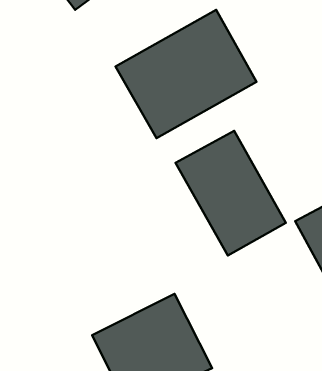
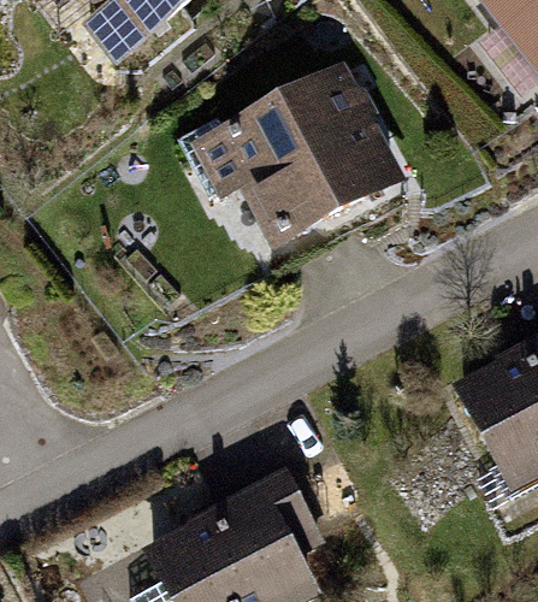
building: [176,131,286,256] -> none

